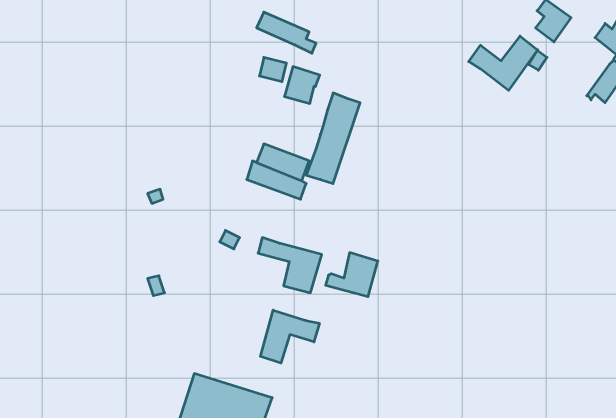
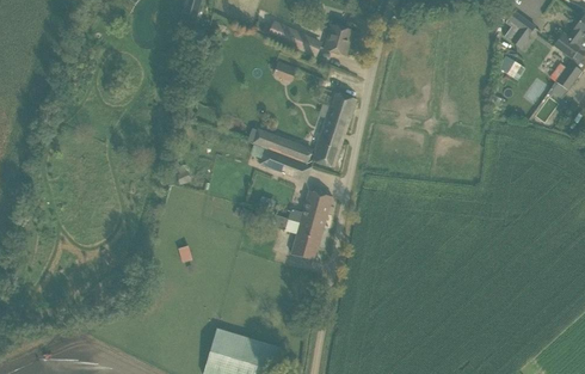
building: [469,36,538,90] -> none
building: [284,67,320,103] -> [325,24,355,55]
building: [326,253,378,297] -> [289,190,333,227]
building: [260,310,319,363] -> none

